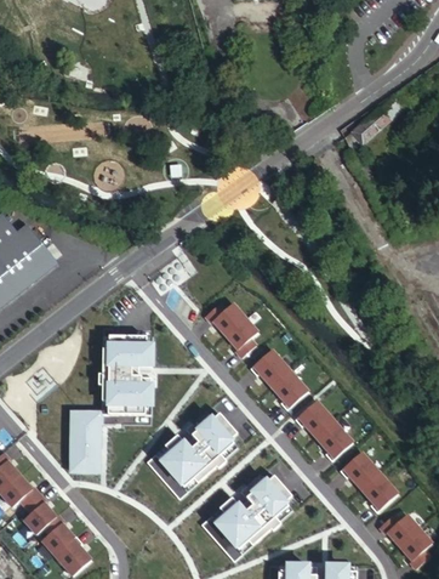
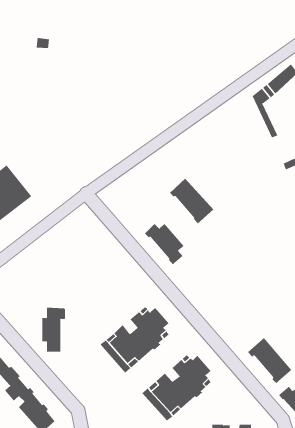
building: [98,335,153,413] -> none
building: [250,348,308,409] -> [169,178,214,225]
building: [295,399,353,460] -> none

